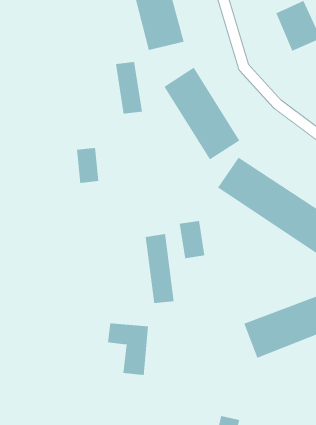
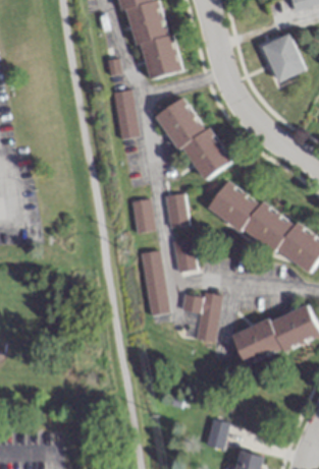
building: [76,147,99,184] -> [132,199,154,233]
building: none -> [164,193,189,228]
building: [107,323,149,375] -> [181,293,220,342]

